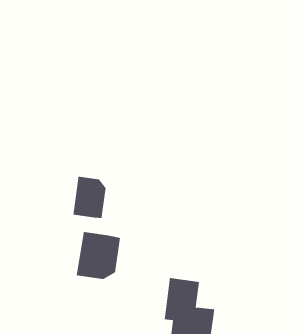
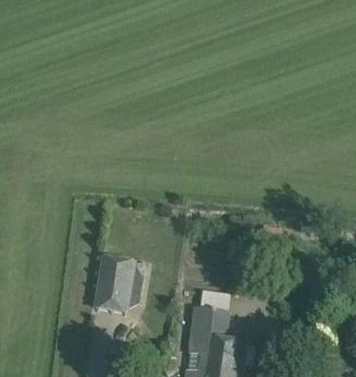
building: [73,176,106,219] -> none

